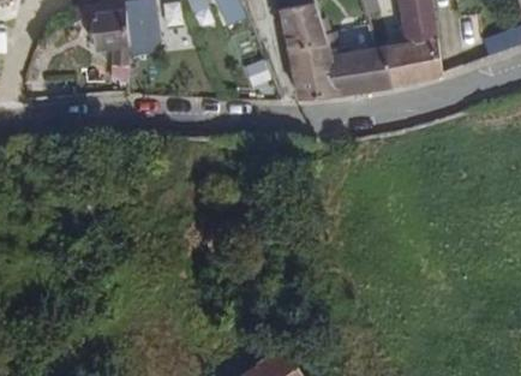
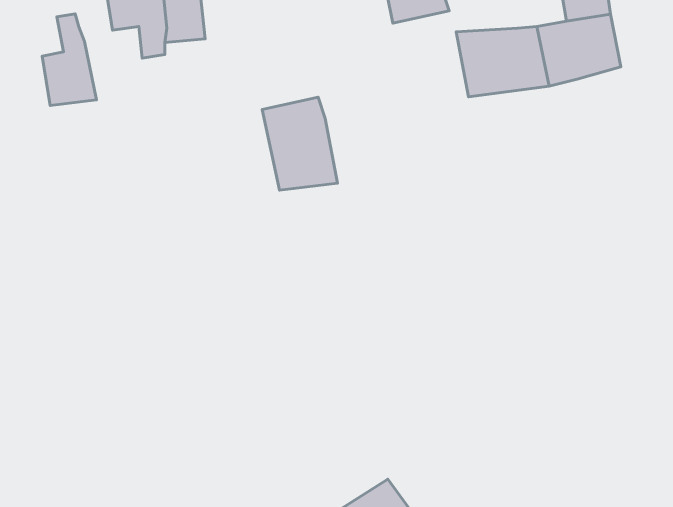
building: [287,35,339,99] -> [262,97,337,190]
building: none -> [42,14,97,105]

